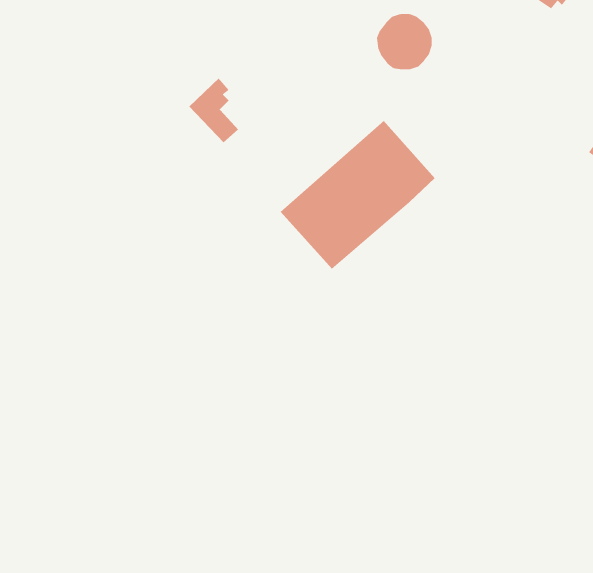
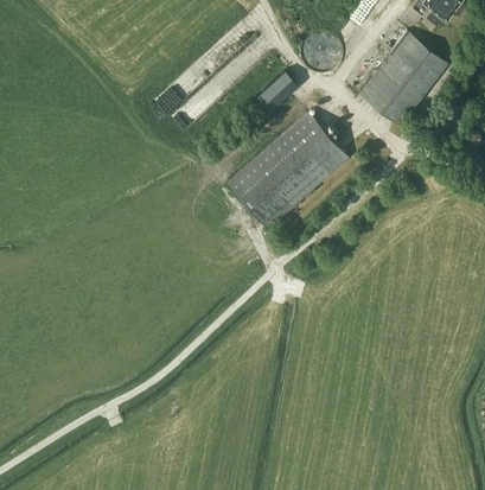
building: none -> [359,31,448,126]
building: none -> [255,69,299,112]

